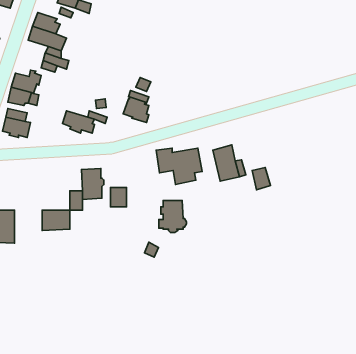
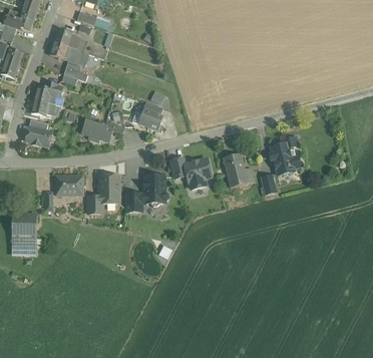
building: none -> [270,135,300,174]
building: [159,200,187,232] -> [141,175,167,206]
building: [42,210,70,230] -> [56,175,82,195]

